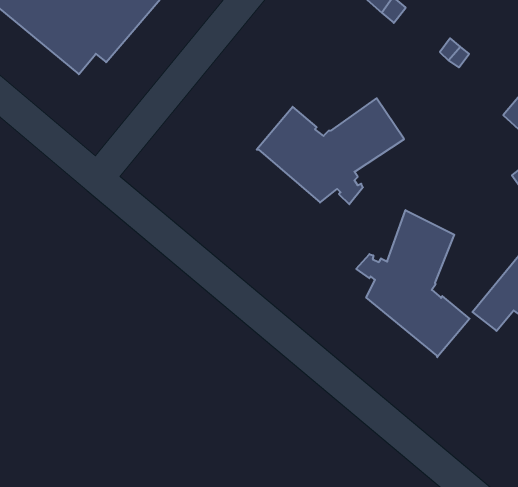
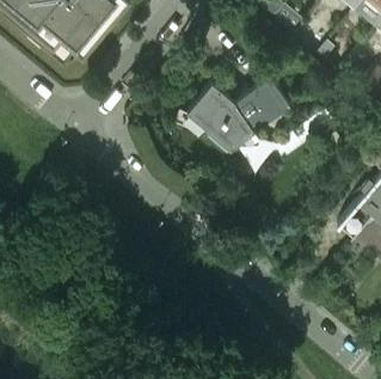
building: [356,210,470,357] -> none

